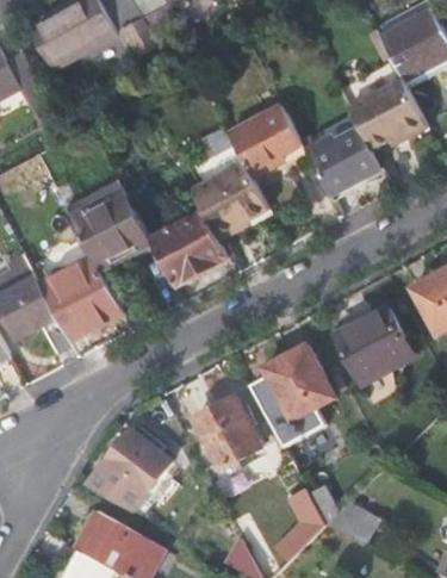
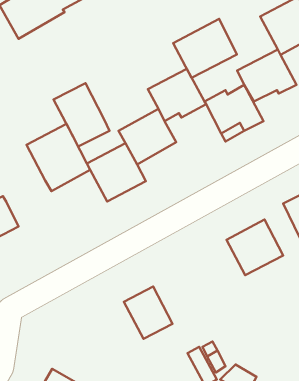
building: none -> [173,19,237,78]
building: none -> [53,83,110,146]
building: [37,255,120,340] -> none
building: [250,344,333,445] -> none
building: [97,422,176,508] -> none

